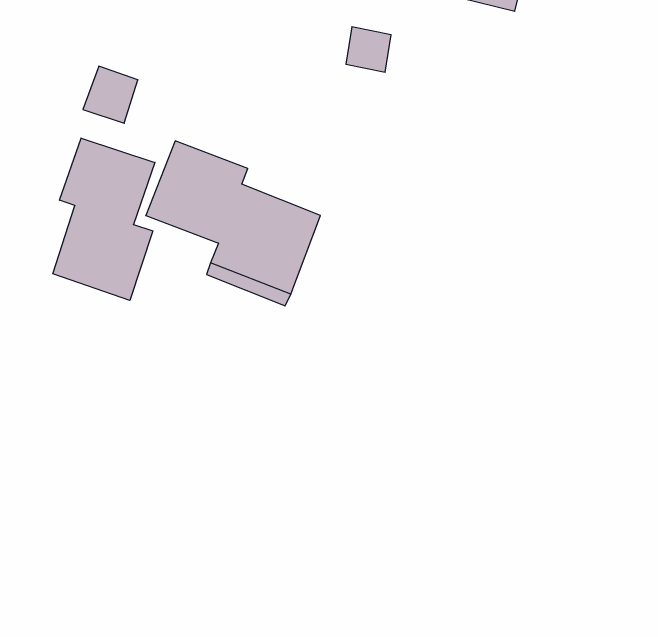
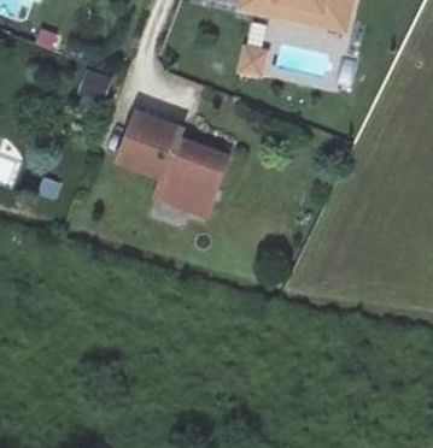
building: [53,138,155,300] -> none

